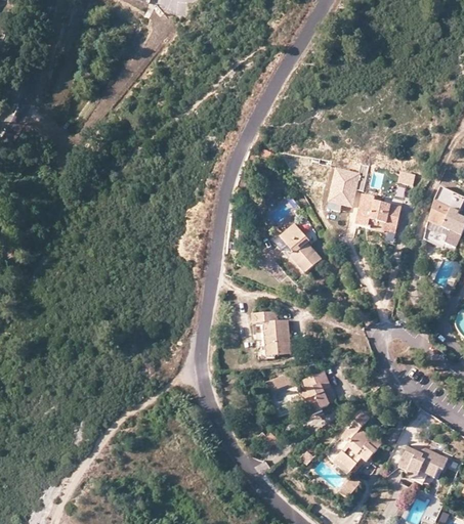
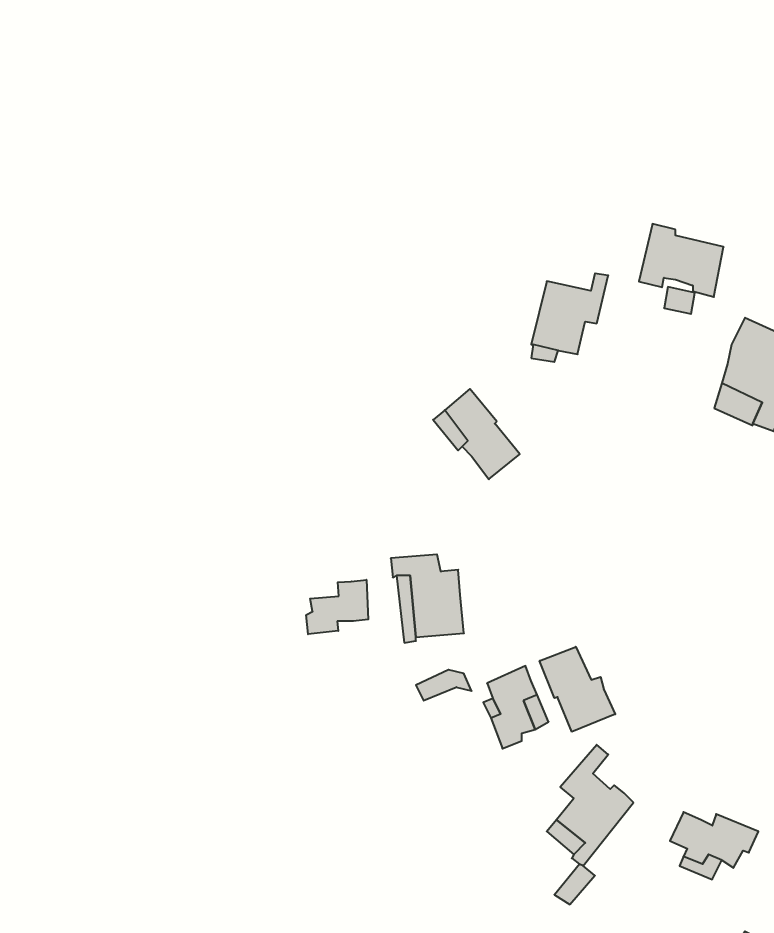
building: [355,193,400,232] -> [639,224,724,297]
building: none -> [306,580,368,634]
building: none -> [540,647,615,732]

